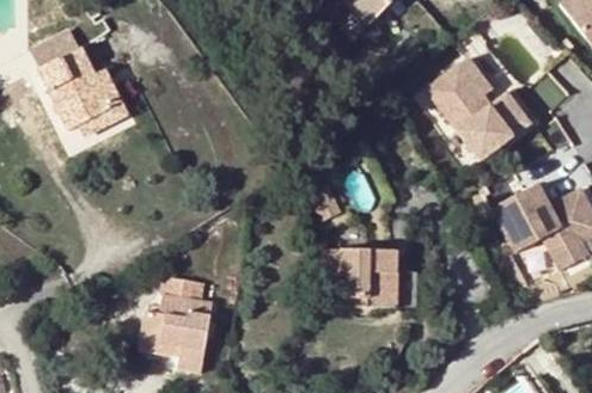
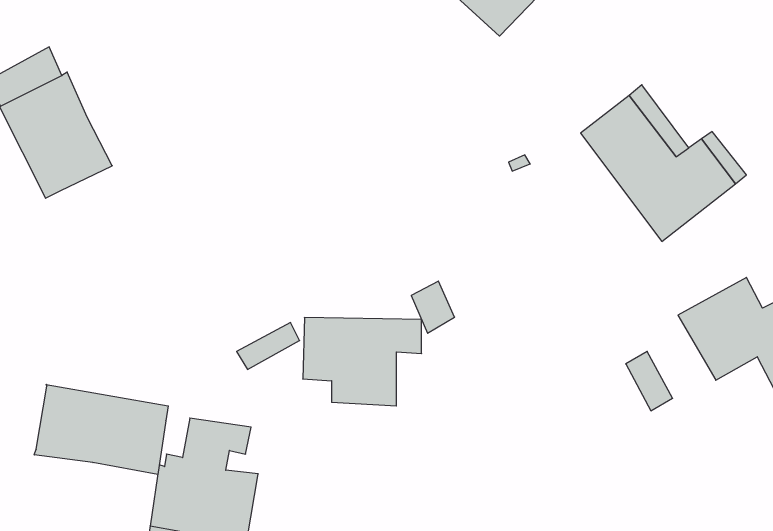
building: [79,70,130,140] -> none
building: [318,248,397,307] -> [303,318,422,406]
building: none -> [34,384,168,474]

